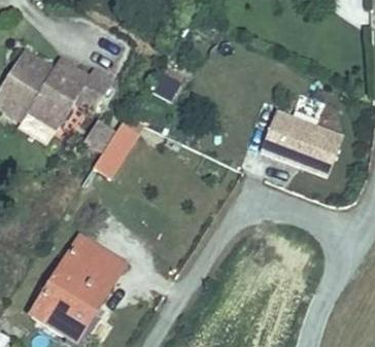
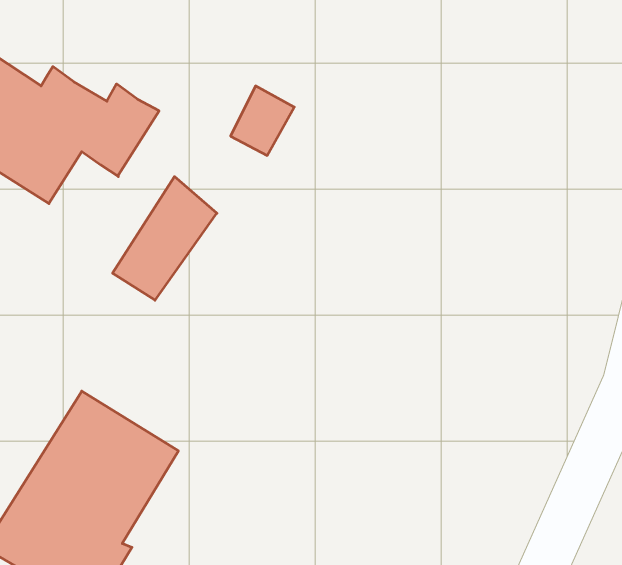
building: [257,110,340,176] -> none

